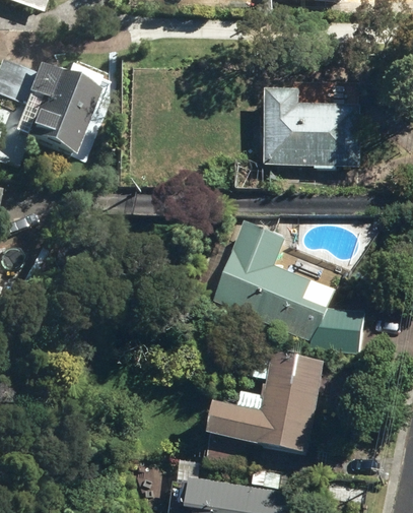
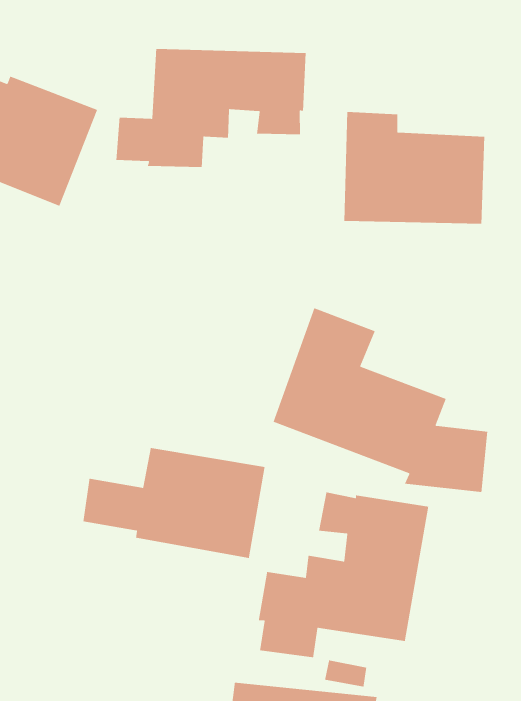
building: none -> [115,48,306,168]
building: none -> [83,447,266,559]

